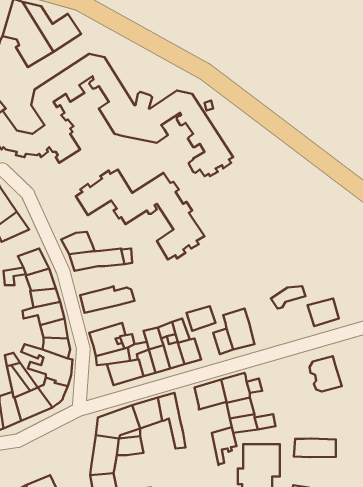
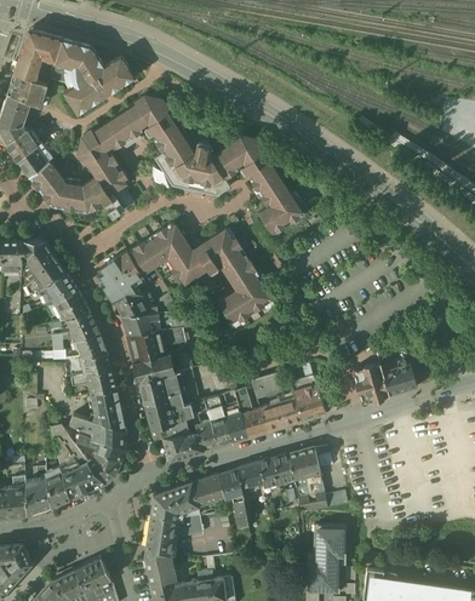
building: none -> [103,252,143,302]
building: none -> [52,291,88,320]
building: none -> [127,331,166,362]
building: none -> [138,373,179,403]
building: none -> [258,403,286,433]
building: [309,356,342,392] -> [354,364,389,402]
building: [212,427,236,465] -> [236,463,263,504]
building: [294,439,336,457] -> none

